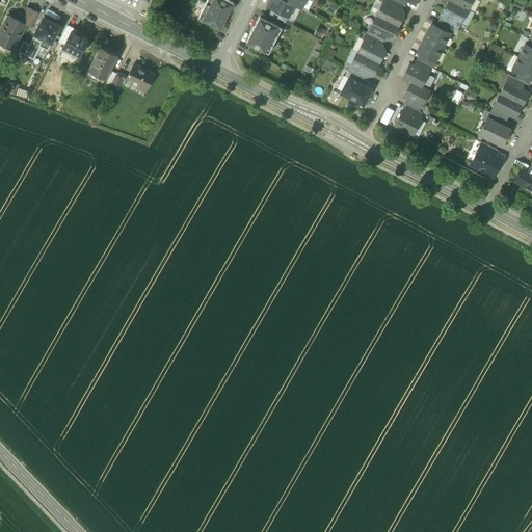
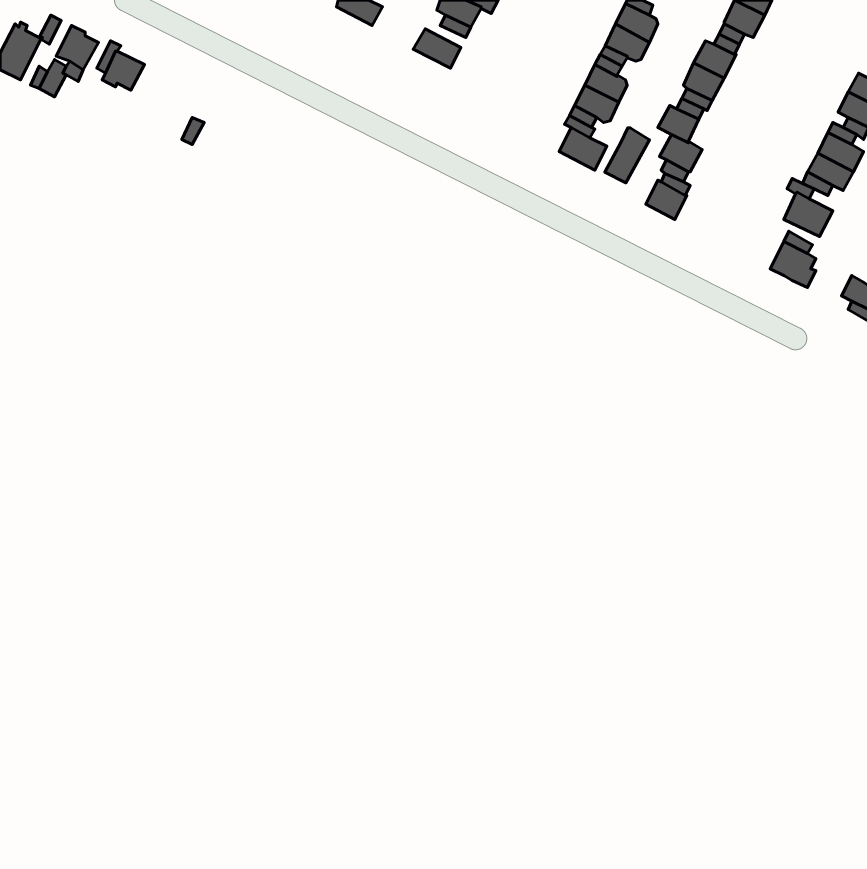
building: [200,4,229,30] -> none
building: [247,30,276,55] -> none
building: [87,47,118,80] -> none
building: [126,63,156,92] -> none
building: none -> [605,128,650,183]

